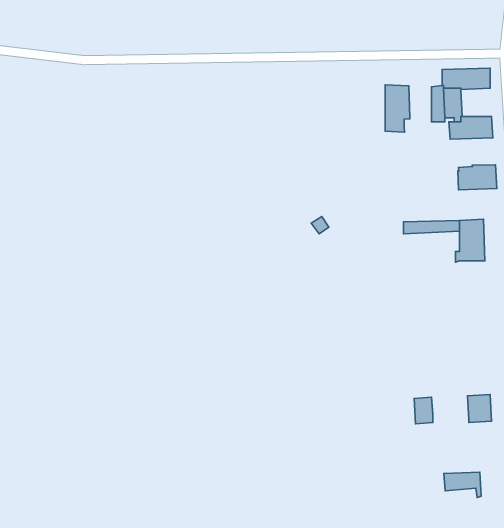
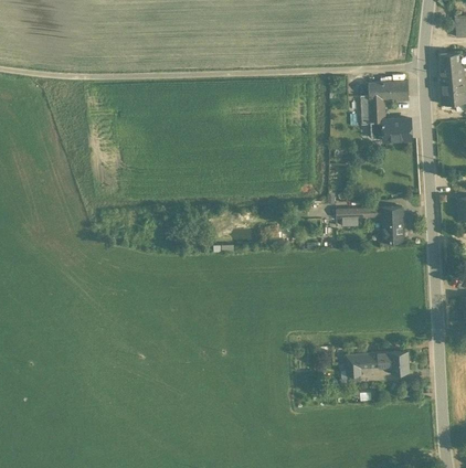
building: [385,85,410,132] -> none
building: [458,165,497,190] -> none
building: [444,472,481,498] -> [360,352,391,373]

